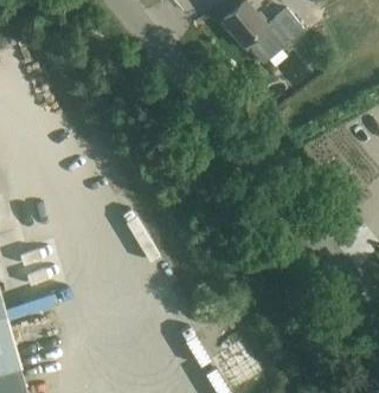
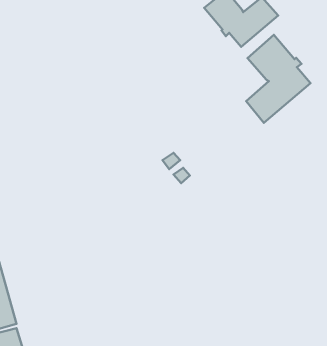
building: none -> [246,35,310,123]

